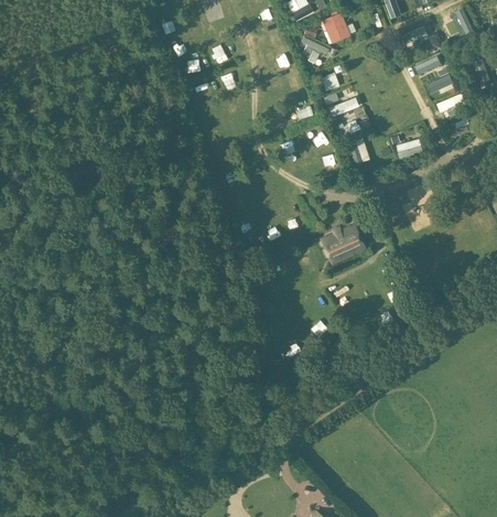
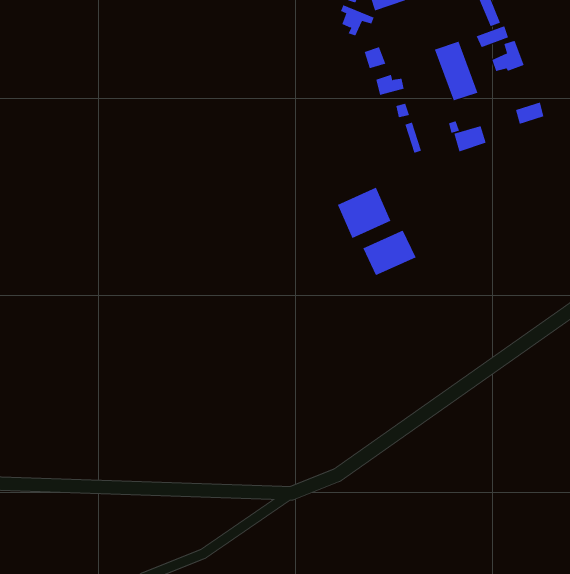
building: none -> [434,41,478,101]
building: none -> [337,187,391,239]

